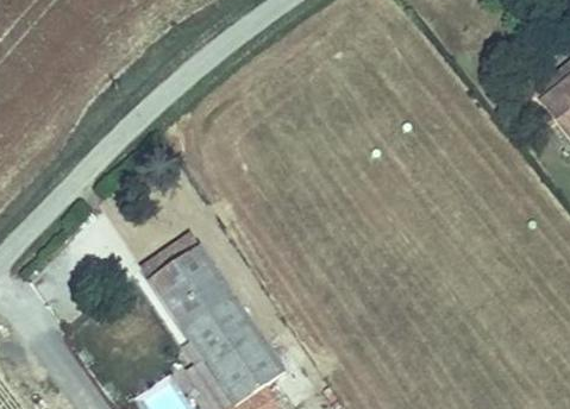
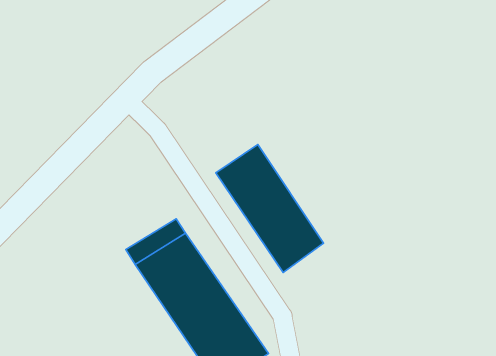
building: none -> [216,144,323,272]

